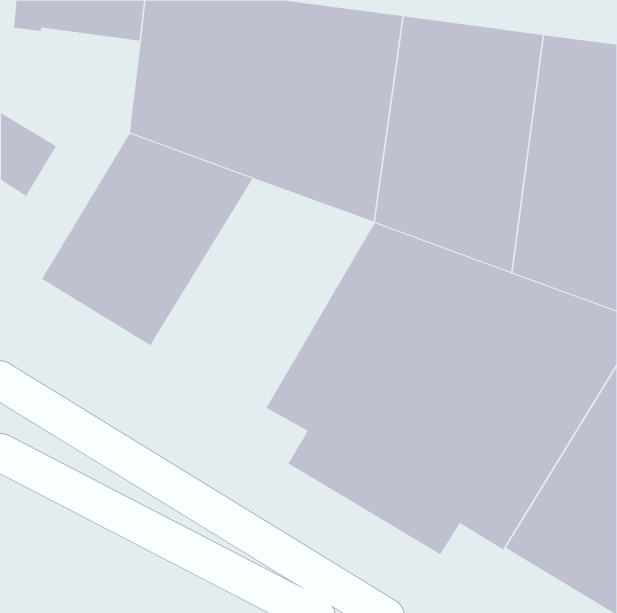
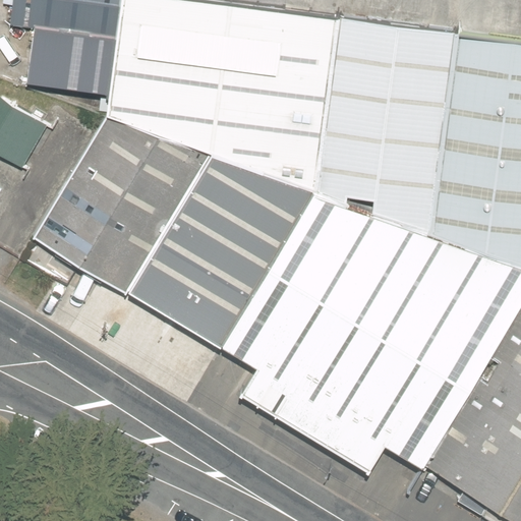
building: none -> [28,26,118,97]
building: none -> [129,154,315,347]

